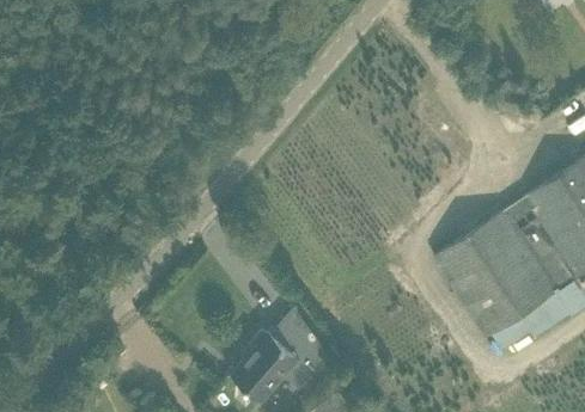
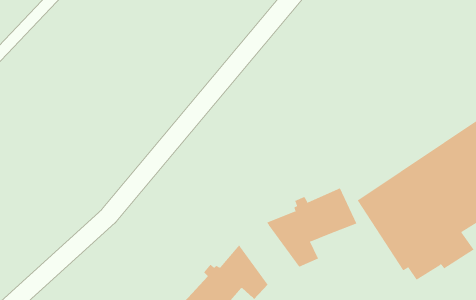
building: none -> [267,188,357,268]

